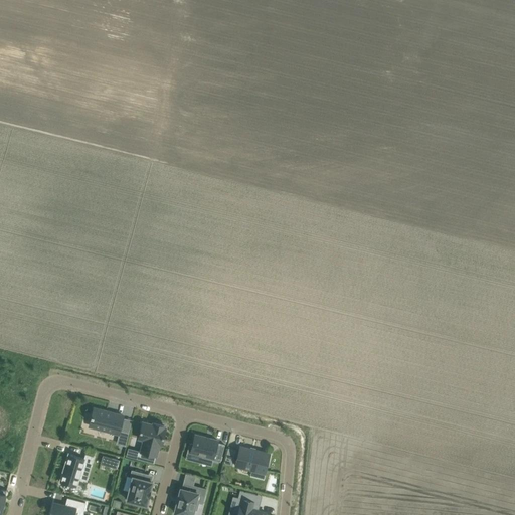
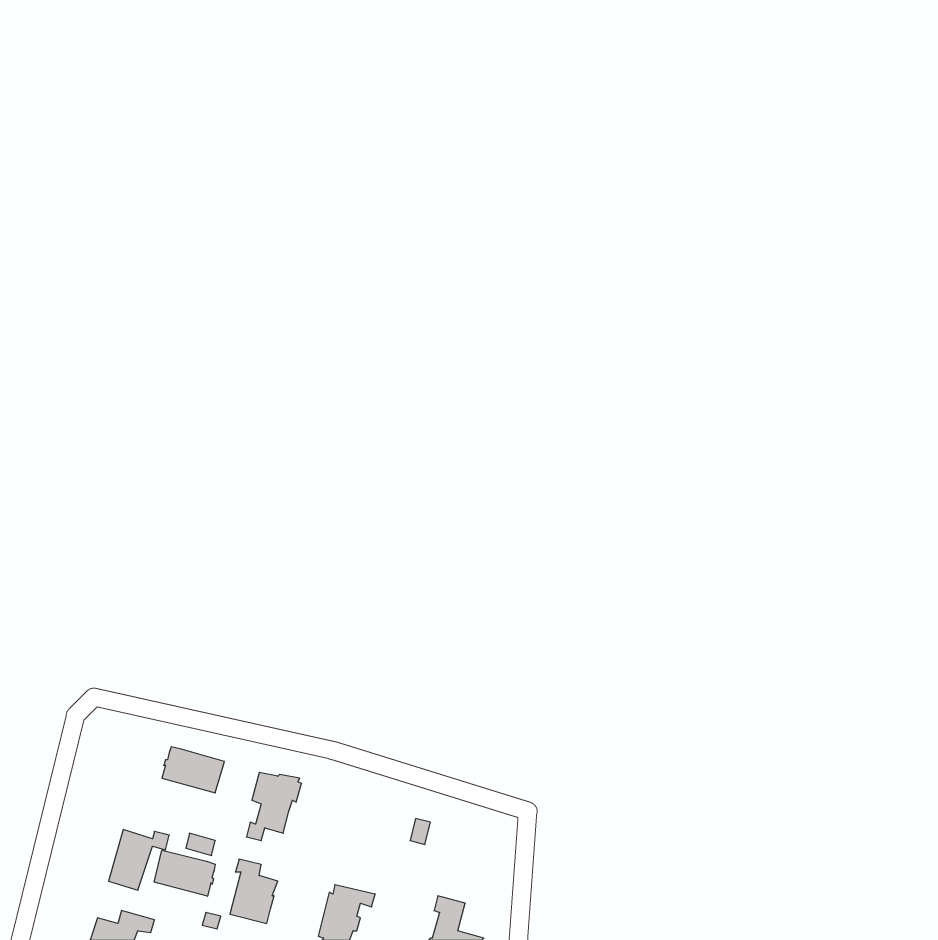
building: [189,435,223,462] -> none
building: [234,446,270,480] -> none
building: none -> [154,850,215,896]

